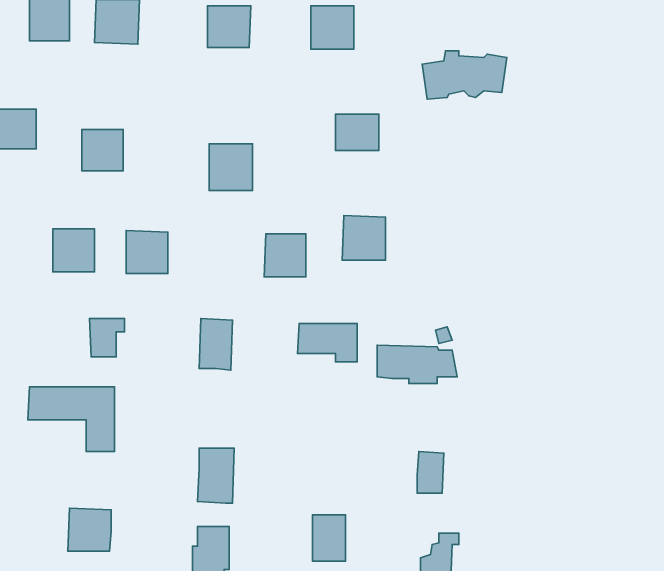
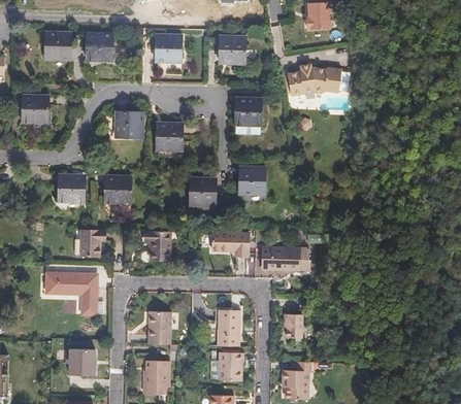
building: [82,129,123,171] -> [117,112,142,138]
building: none -> [217,309,240,347]

